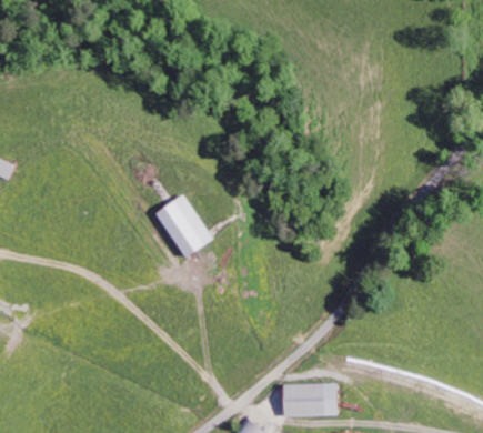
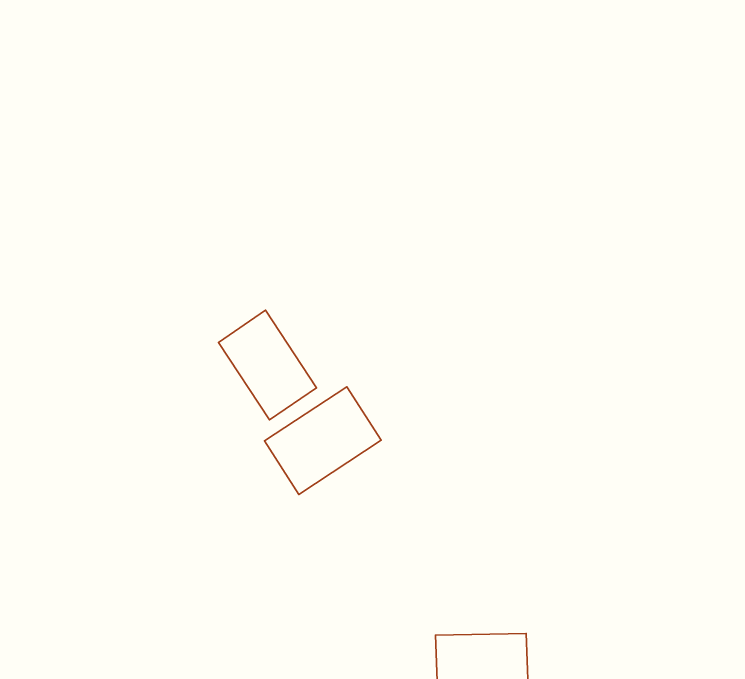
building: none -> [265,387,381,494]

